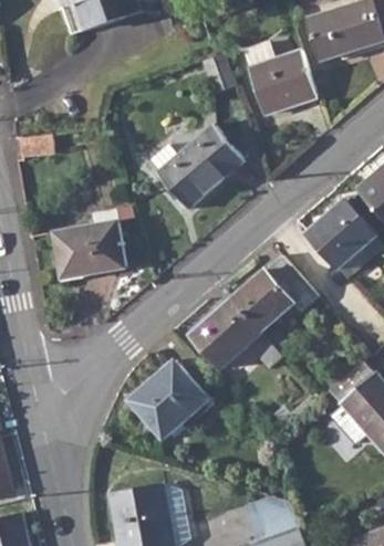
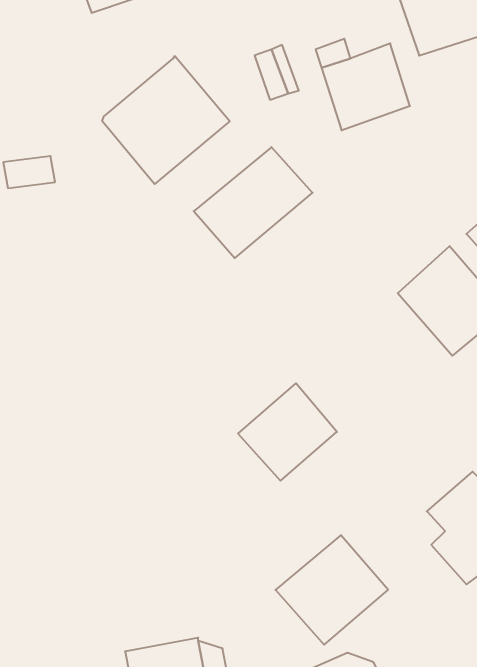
building: none -> [102,56,230,184]
building: [54,222,124,280] -> none
building: [232,256,318,334] -> none
building: [126,361,208,441] -> [275,535,388,645]

